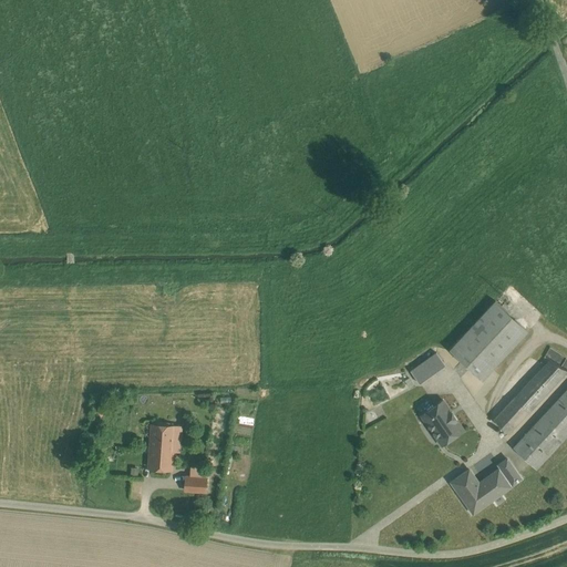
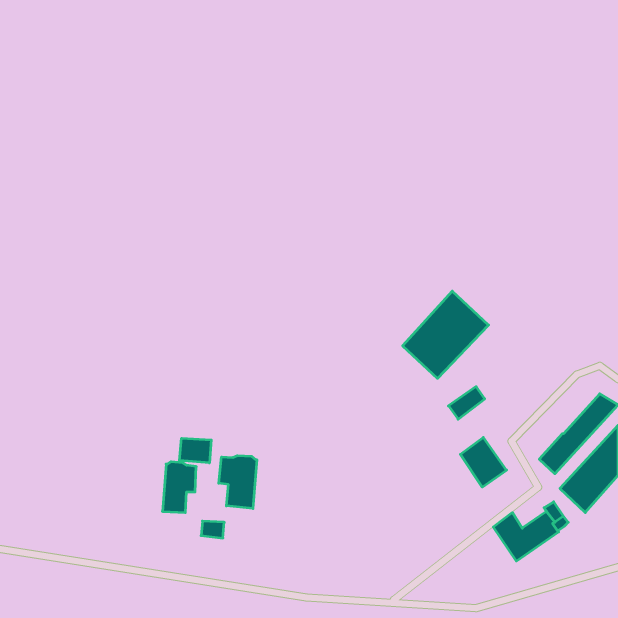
building: [449,301,527,381] -> [403,291,489,378]
building: none -> [179,438,211,463]
building: none -> [219,456,257,509]

